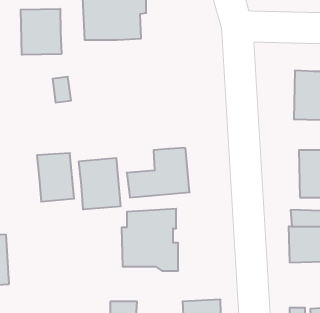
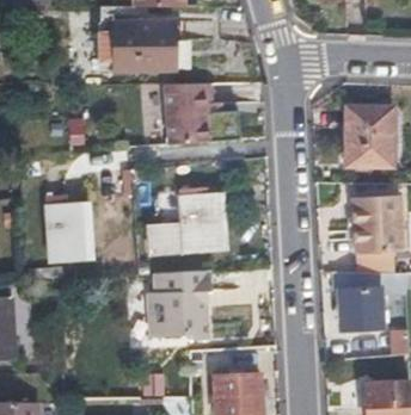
building: [21,9,61,55] -> none
building: none -> [168,85,213,144]
building: [79,158,121,210] -> none

